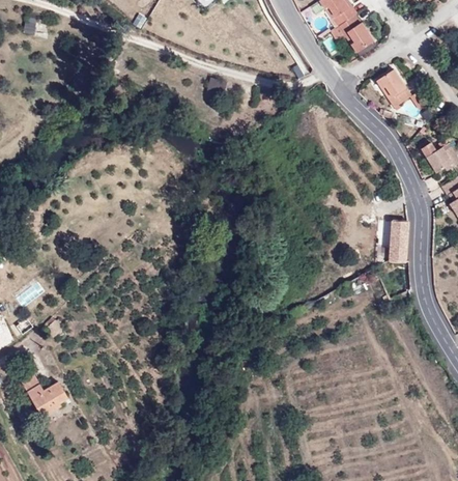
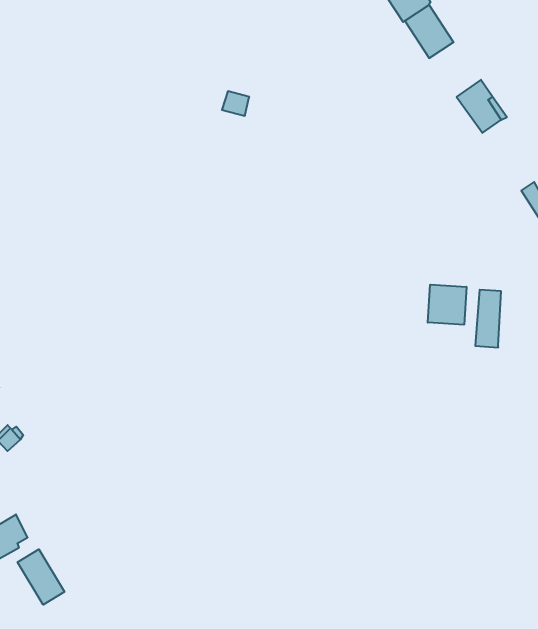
building: none -> [428,285,466,325]
building: none -> [18,549,64,605]

